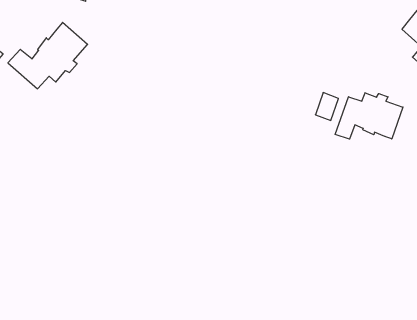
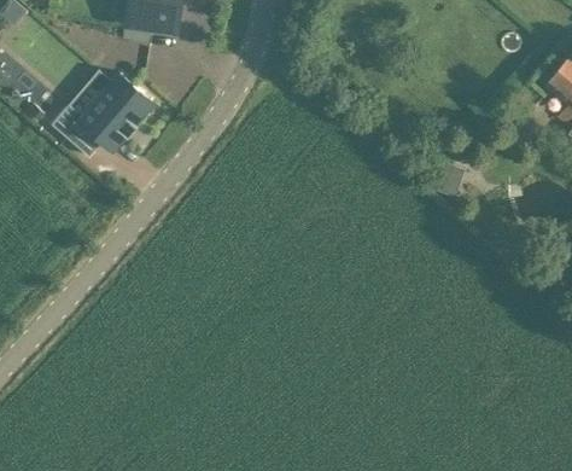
building: [335,93,403,139] -> none

